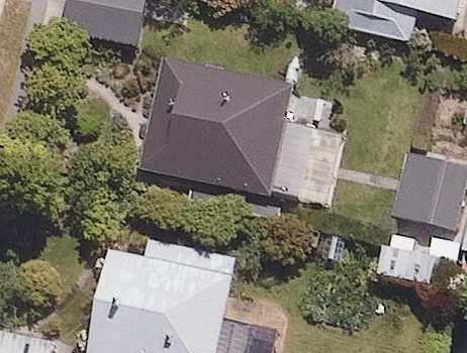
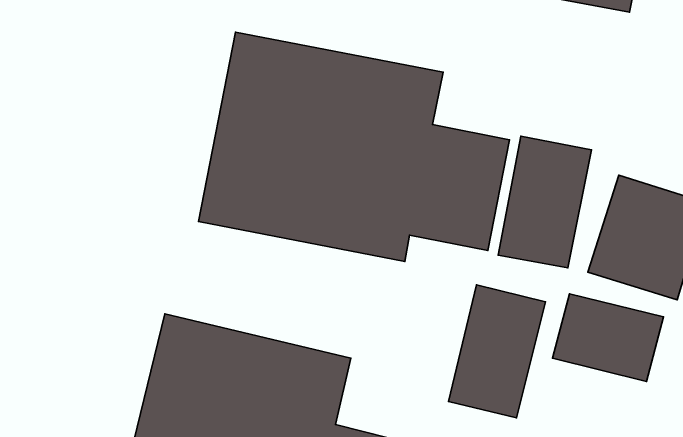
building: none -> [498,136,591,268]
building: none -> [448,285,546,418]

